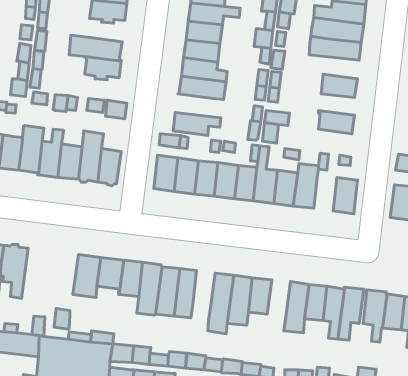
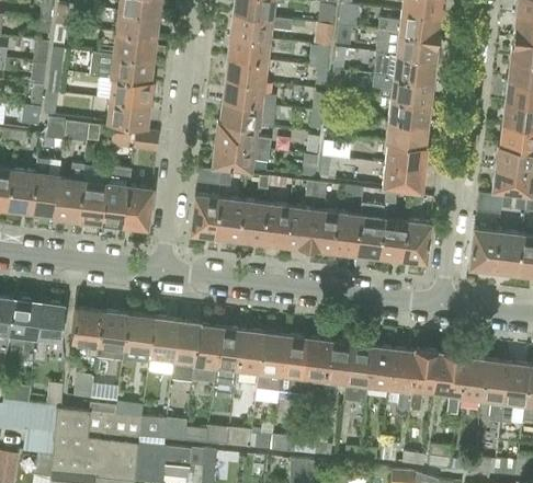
building: none -> [113,33,157,60]
building: none -> [372,76,433,104]
building: none -> [106,99,150,127]
building: none -> [216,122,272,150]
building: none -> [385,122,428,147]
building: none -> [382,163,424,191]
building: none -> [379,217,407,260]
building: none -> [35,302,65,364]
building: none -> [71,308,102,358]
building: none -> [237,330,263,373]
building: none -> [325,341,352,384]

